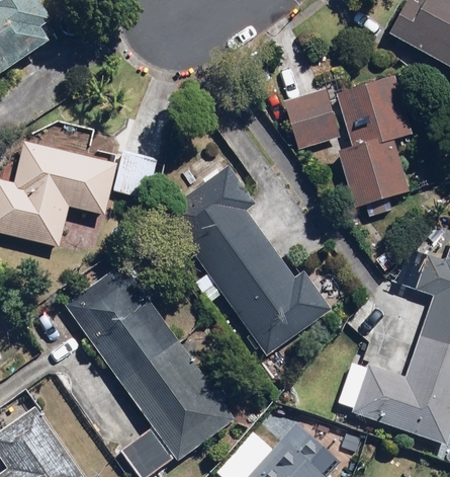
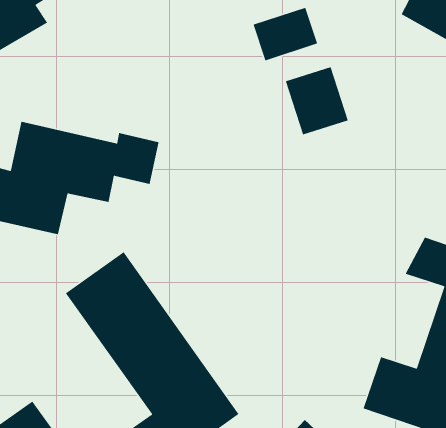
building: none -> [252,7,318,61]
building: [336,81,411,209] -> none
building: [164,163,333,353] -> none

